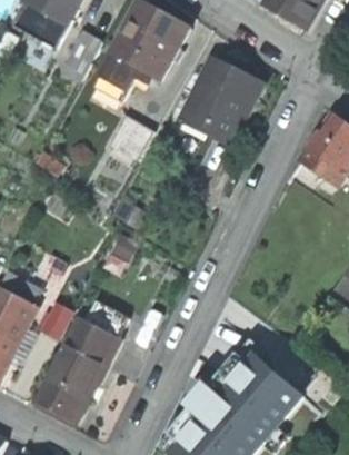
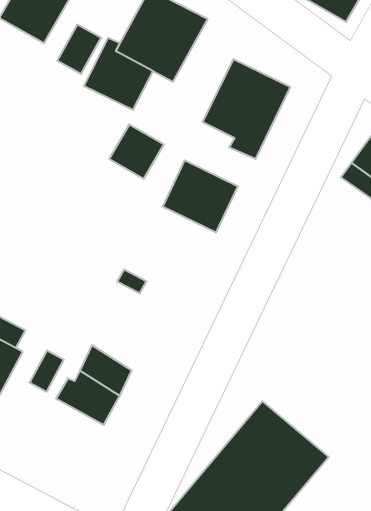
building: none -> [163,160,238,233]
building: [33,344,103,422] -> none

